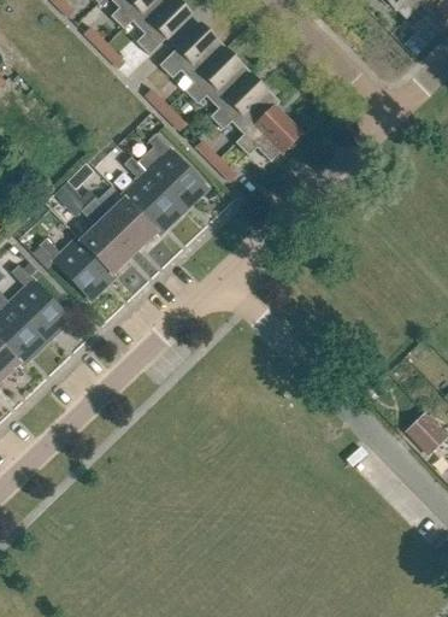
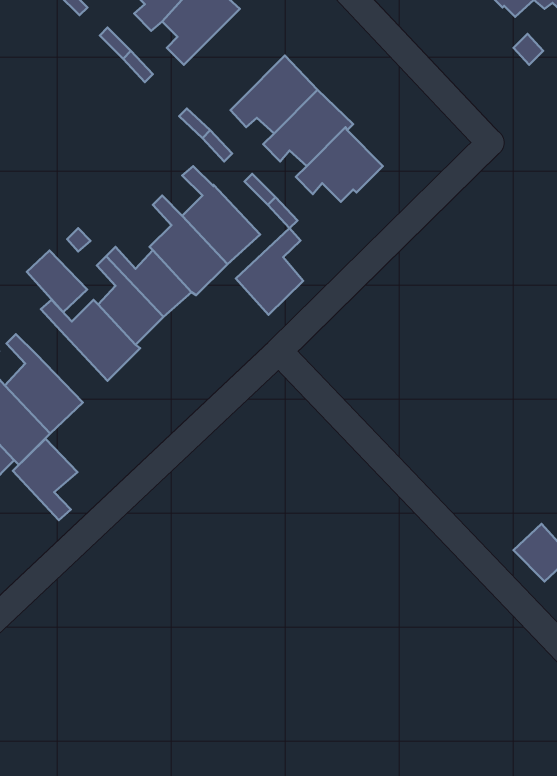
building: [159,23,226,83] -> none
building: none -> [236,228,303,315]
building: none -> [27,251,87,312]
building: none -> [13,439,78,520]

